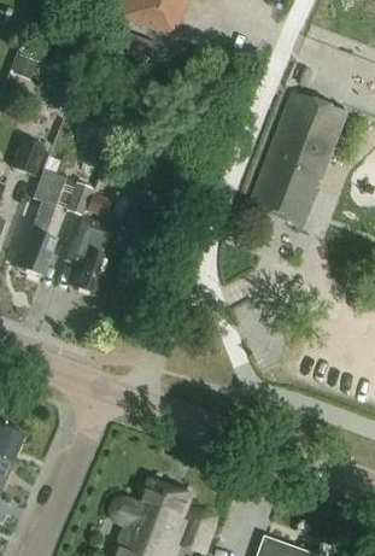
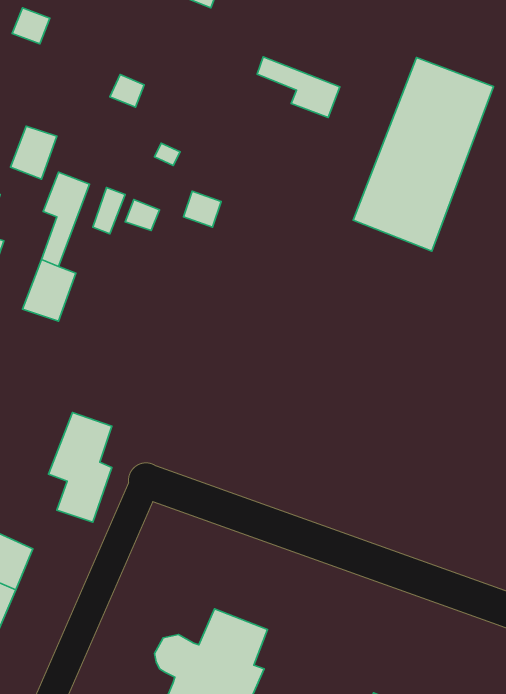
building: none -> [257,57,340,117]
building: [64,218,109,295] -> [48,413,112,522]

